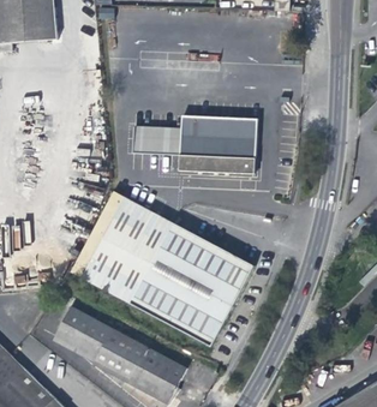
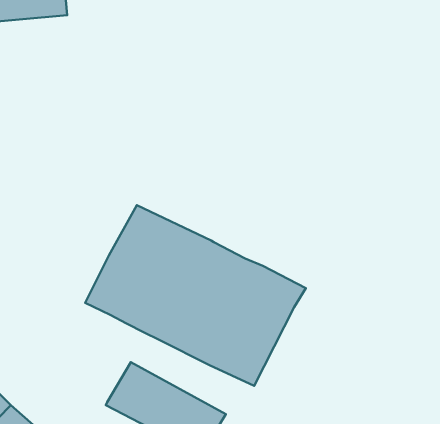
building: [133,116,255,174] -> none
building: [52,298,108,352] -> none

